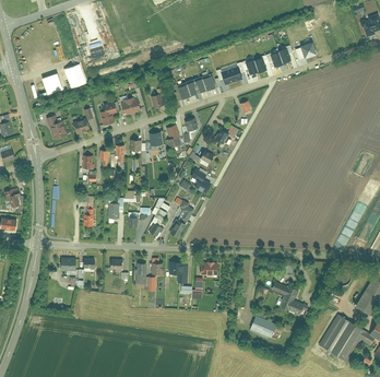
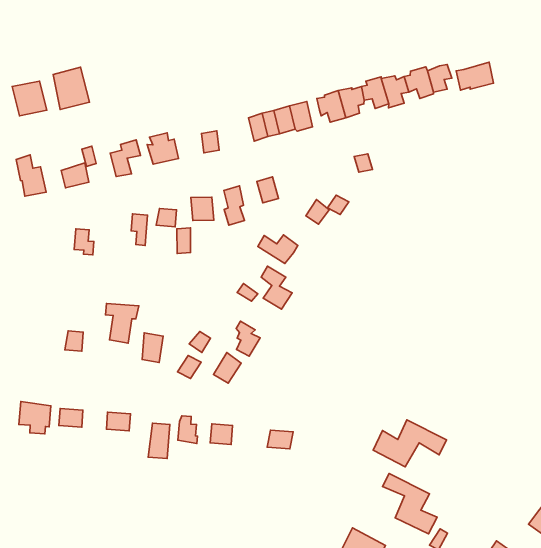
building: none -> [373,420,447,467]

